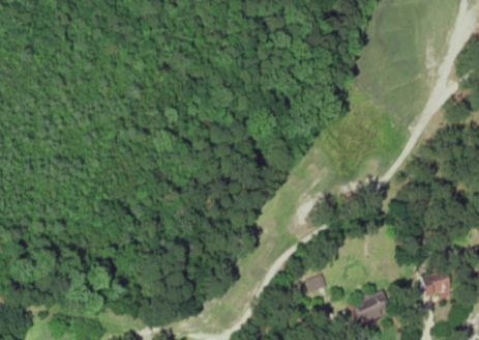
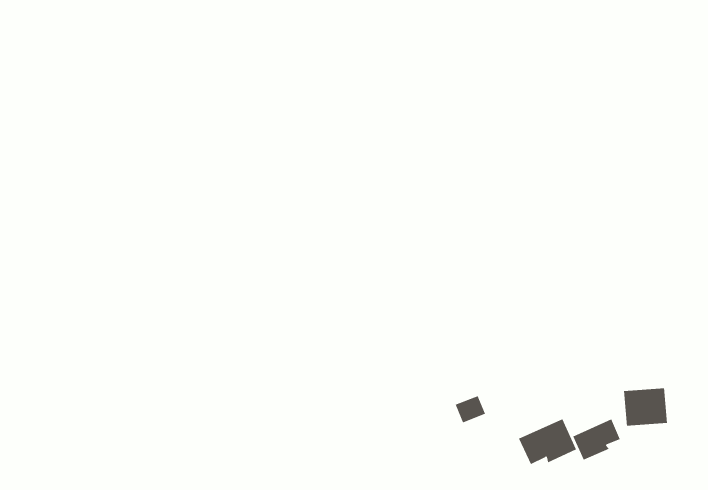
building: none -> [573,418,621,460]

